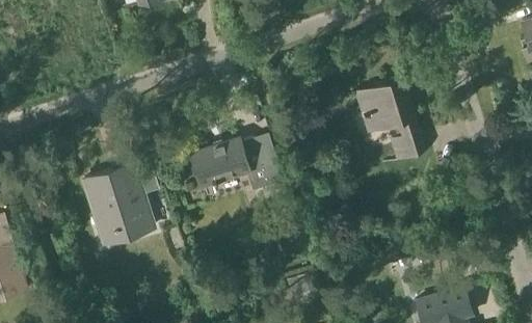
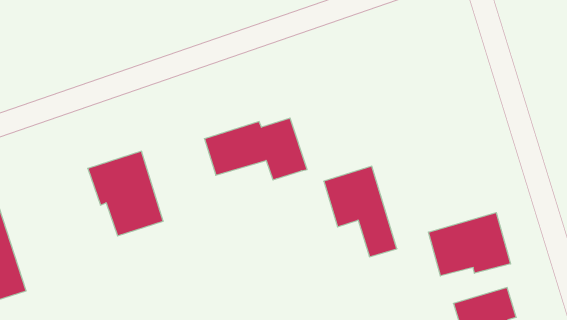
building: [356,79,423,161] -> [324,166,397,257]
building: none -> [428,213,511,276]

